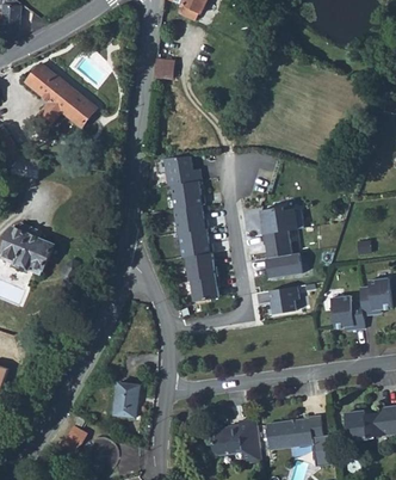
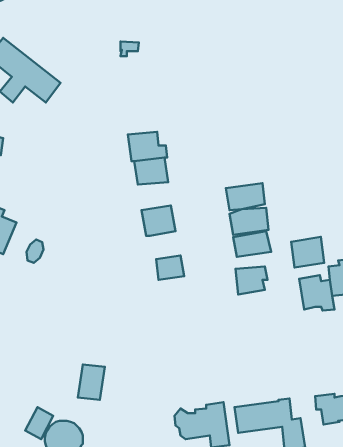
building: [172,204,204,232] -> none
building: [184,252,214,279] -> none
building: none -> [291,237,324,267]

